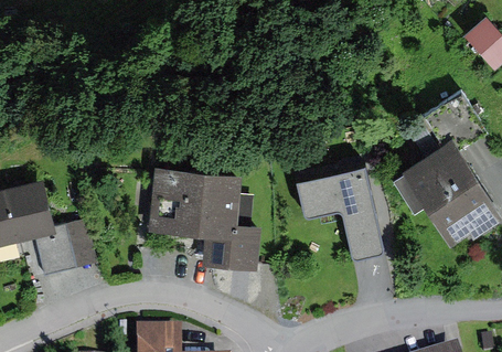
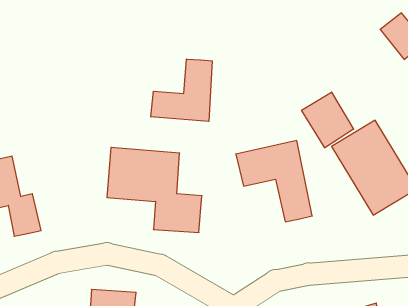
building: none -> [151,59,212,121]
building: none -> [302,92,354,148]

